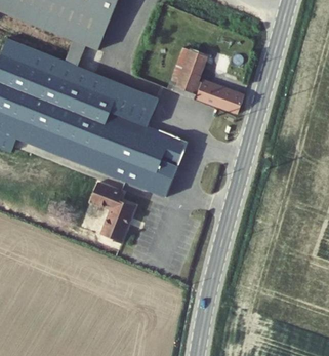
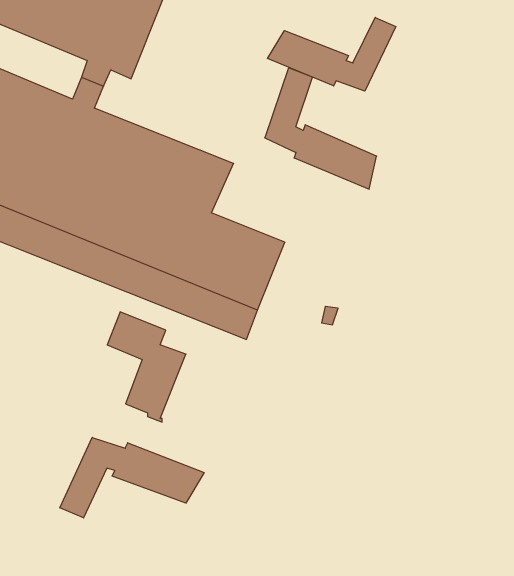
building: none -> [267,17,396,91]
building: none -> [60,437,204,518]

